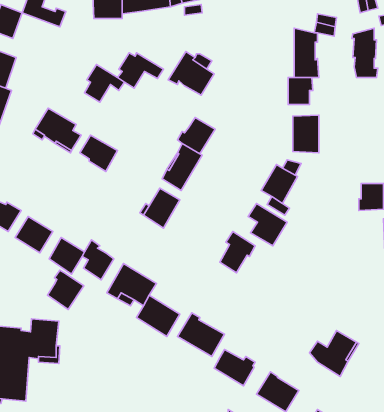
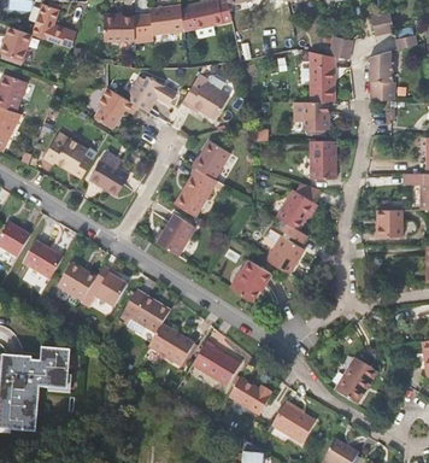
building: [48,270,84,310] -> none

